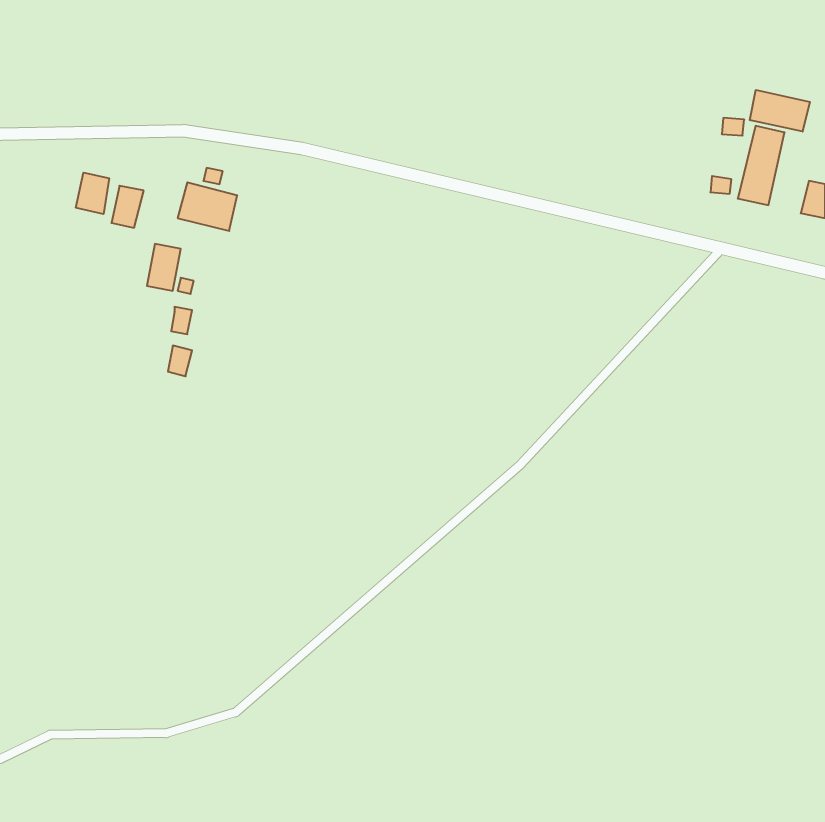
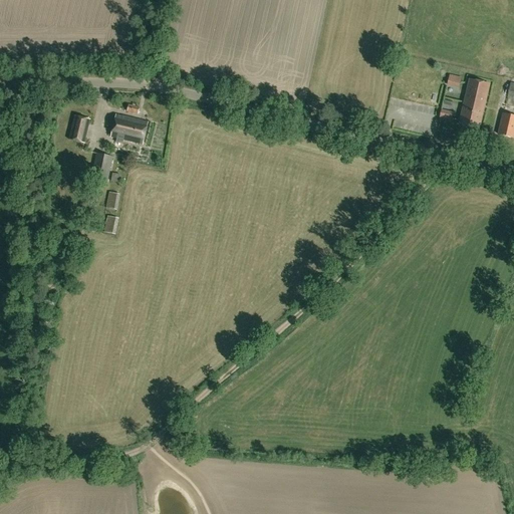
building: [750,90,810,132] -> none
building: [76,173,109,214] -> none

